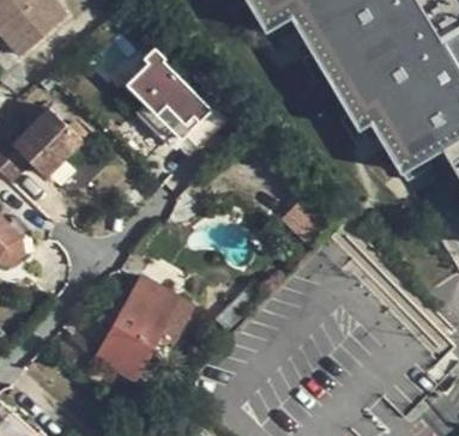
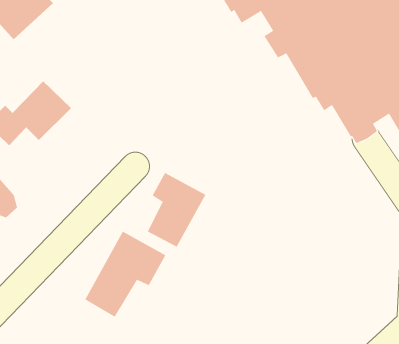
building: [122,52,225,156] -> none
building: none -> [147,172,206,248]

